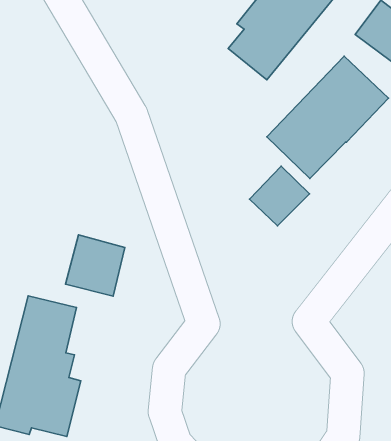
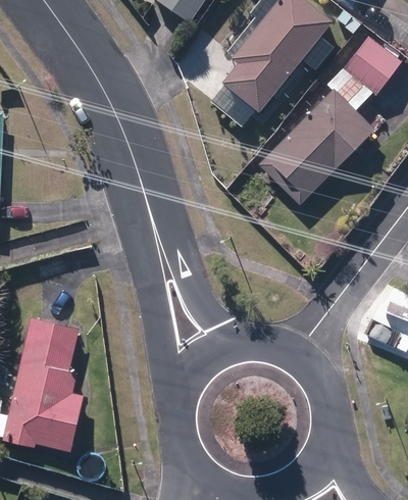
building: [250,166,309,226] -> none
building: [66,235,125,296] -> none

